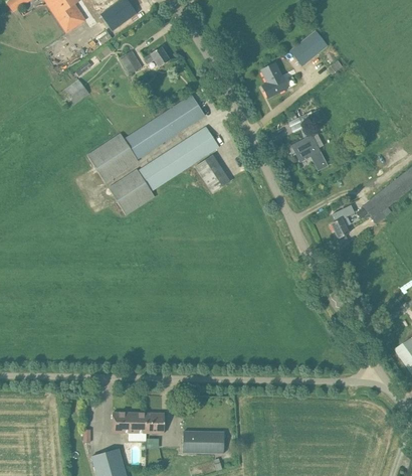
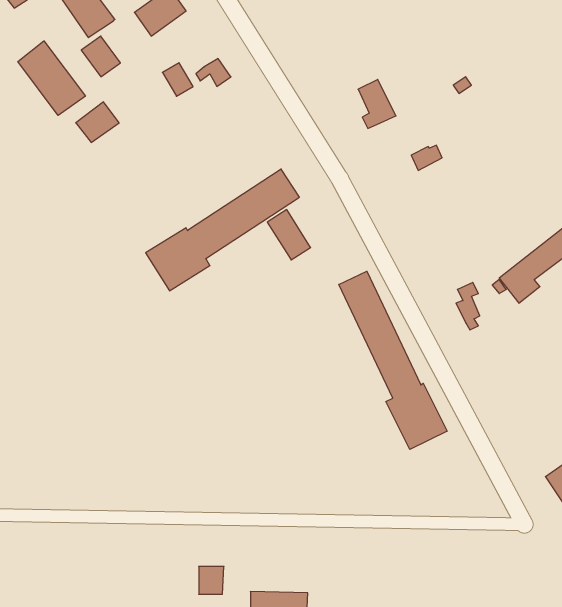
building: [290,30,328,65] -> none
building: none -> [18,41,85,115]
building: [87,95,205,182] -> none
building: [292,135,329,171] -> none
building: none -> [339,271,447,449]
building: [113,412,147,433] -> none

